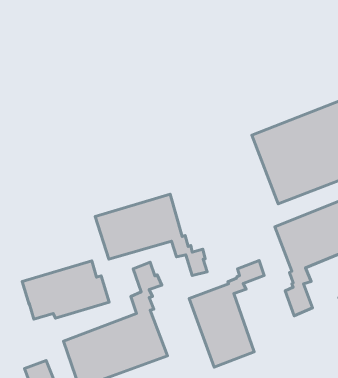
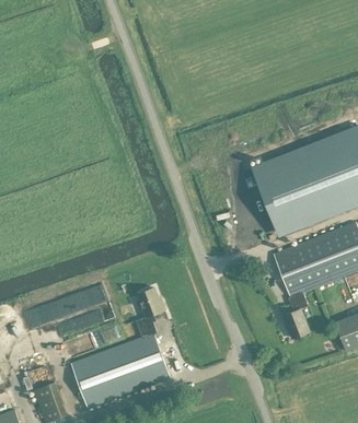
building: [95,194,207,276] -> none
building: [189,260,264,367] -> none

